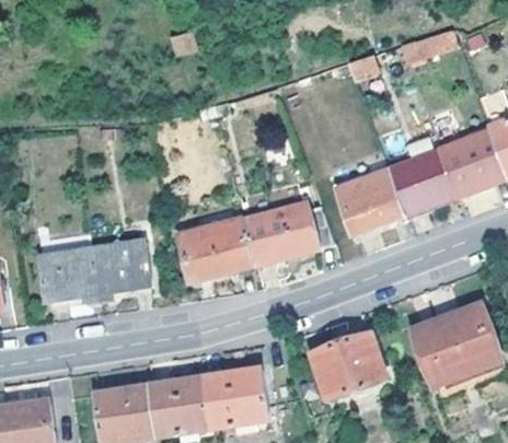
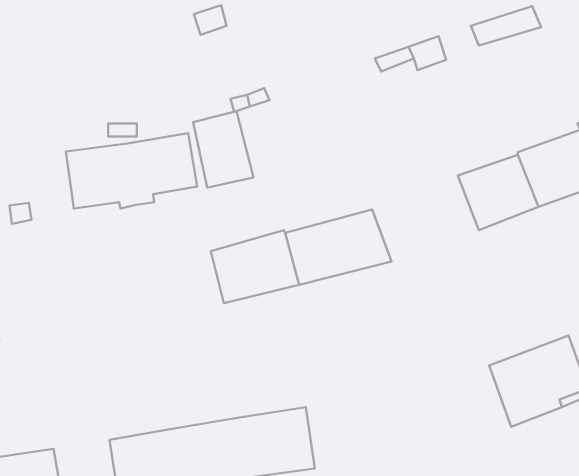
building: none -> [193,111,254,187]
building: [337,171,405,235] -> none
building: [38,238,149,302] -> [66,133,197,209]
building: [311,331,385,397] -> none

